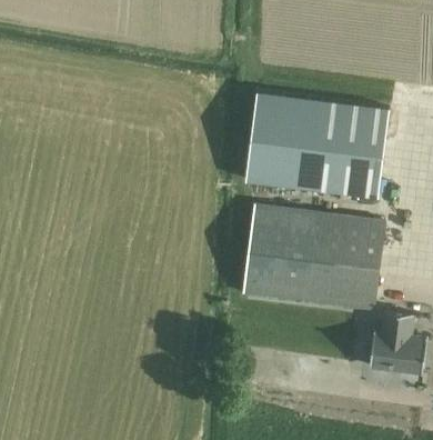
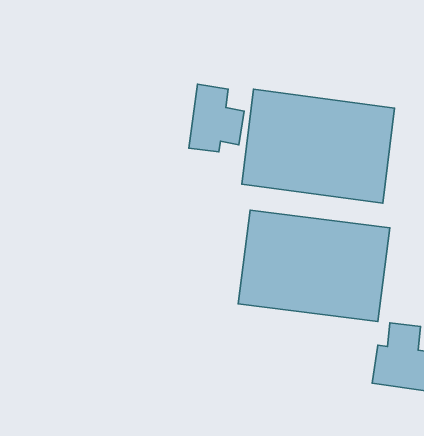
building: none -> [189,84,244,152]

